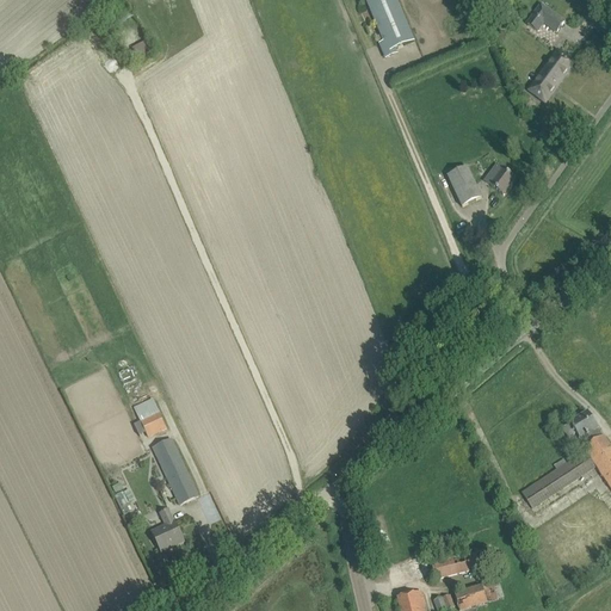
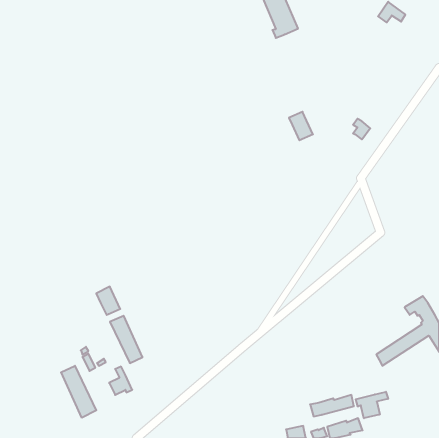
building: [529,50,573,100] -> none
building: [448,166,481,205] -> [289,112,313,140]
building: none -> [61,366,96,418]
building: none -> [356,392,388,418]

